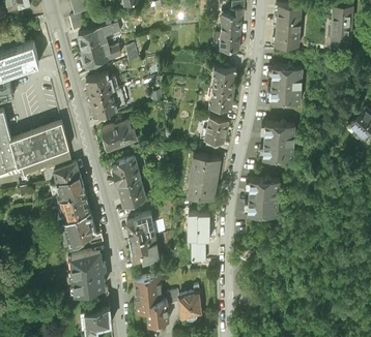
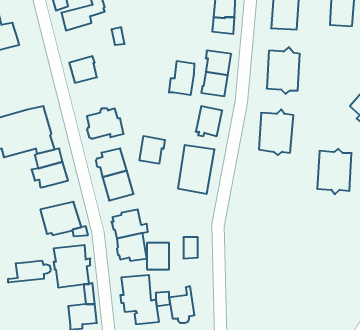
building: [82,43,120,66] -> none
building: none -> [169,61,194,95]
building: [90,92,126,119] -> none
building: none -> [140,136,165,164]
building: [247,180,279,222] -> [317,149,352,194]
building: [57,190,89,218] -> none
building: [188,218,208,243] -> [147,243,169,269]
building: none -> [8,261,51,283]

